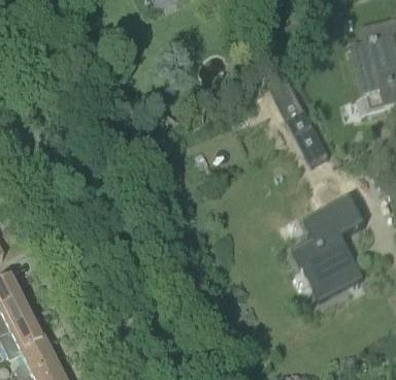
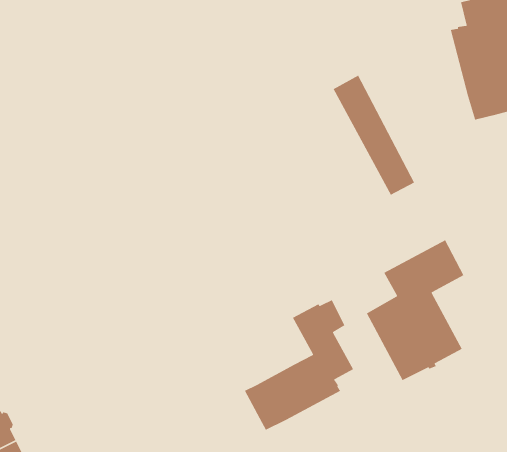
building: none -> [244,299,354,431]

